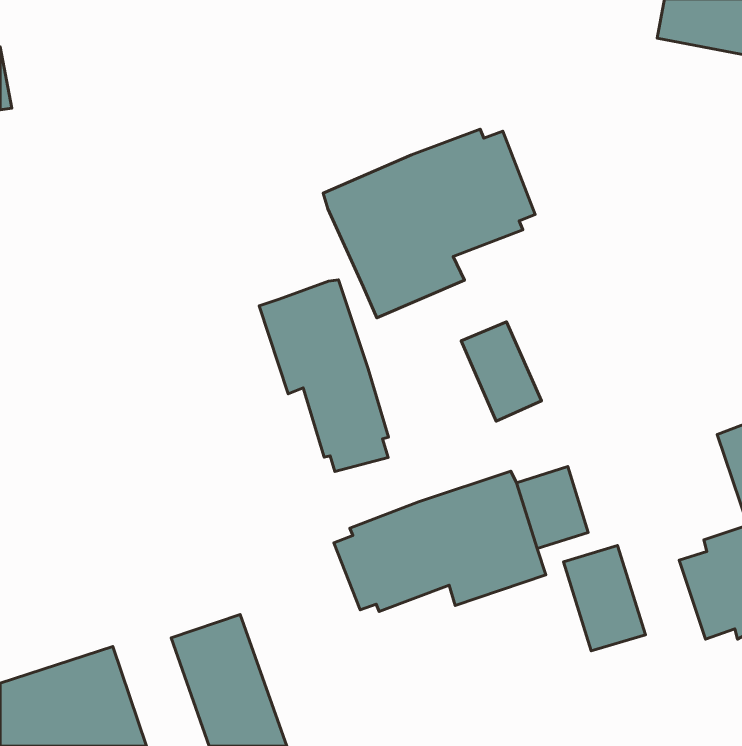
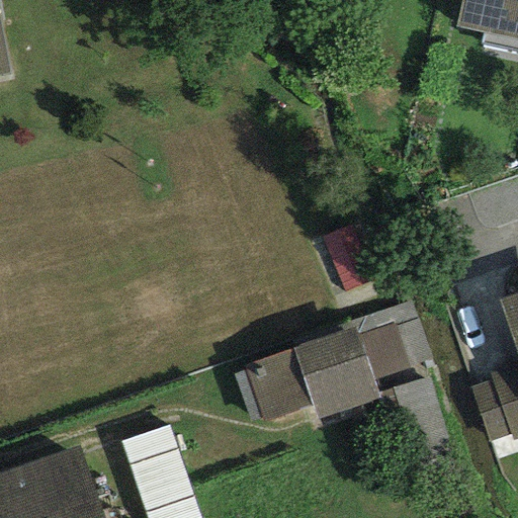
building: [323,129,535,318] -> none
building: [259,280,388,472] -> none

